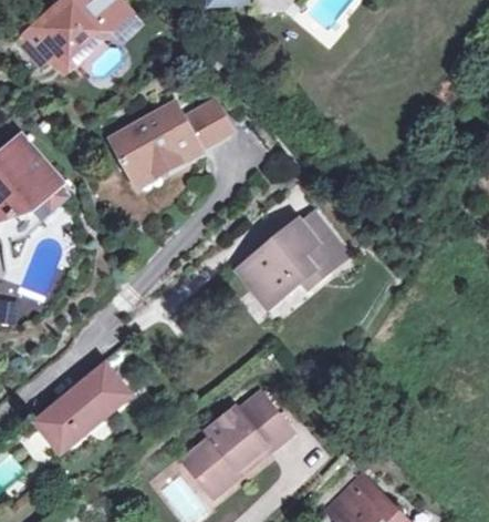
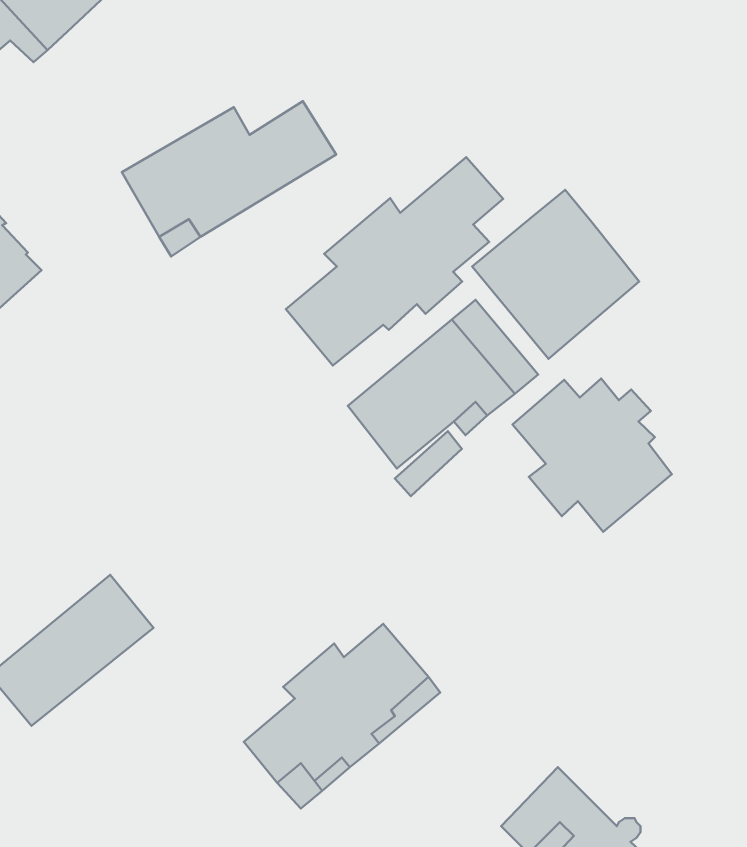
building: none -> [286,157,503,365]
building: none -> [472,190,639,359]
building: none -> [513,379,672,532]

